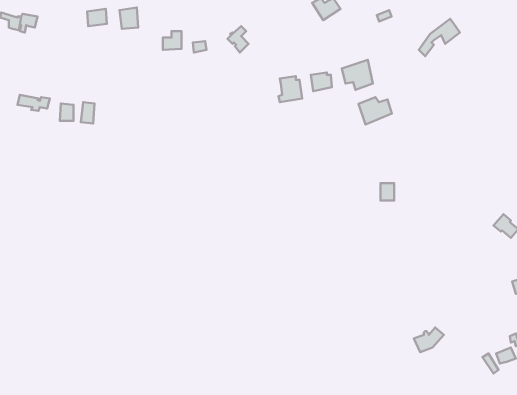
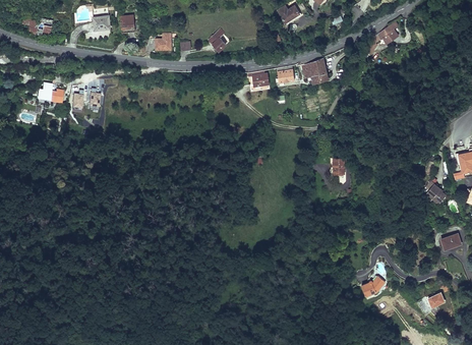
building: [358,97,392,125] -> none

